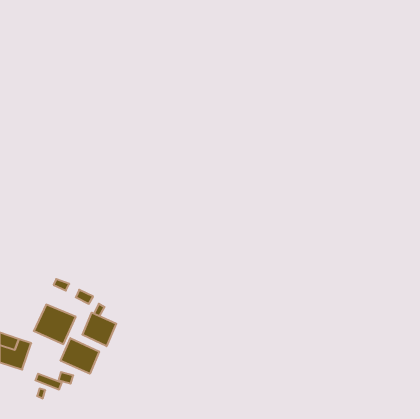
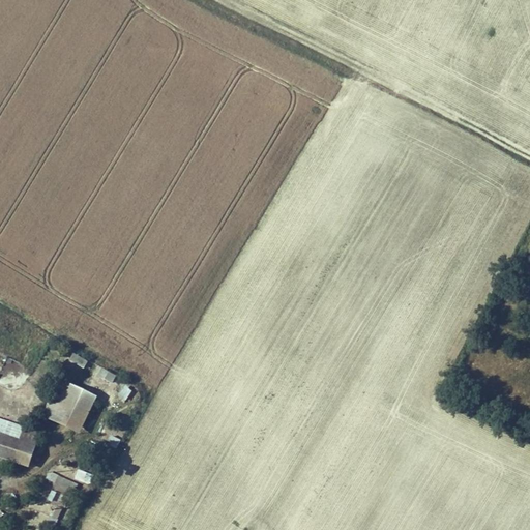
building: [82,313,116,346] -> none
building: [61,338,99,374] -> none

